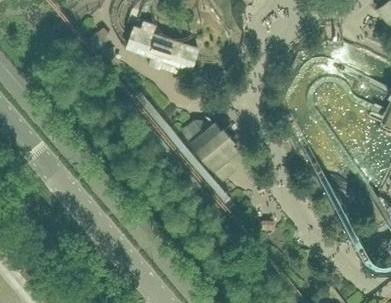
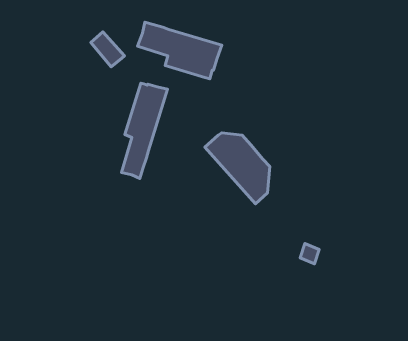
building: none -> [121,83,168,178]

